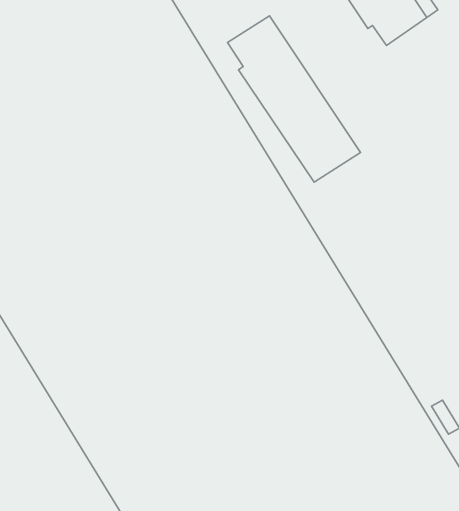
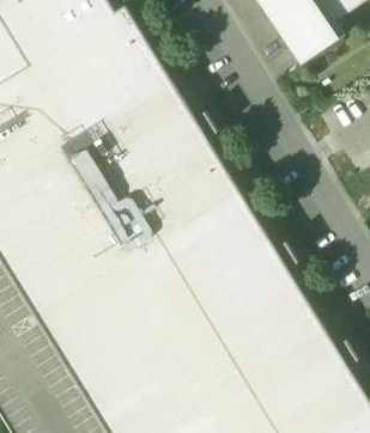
building: [228,16,361,182] -> none

